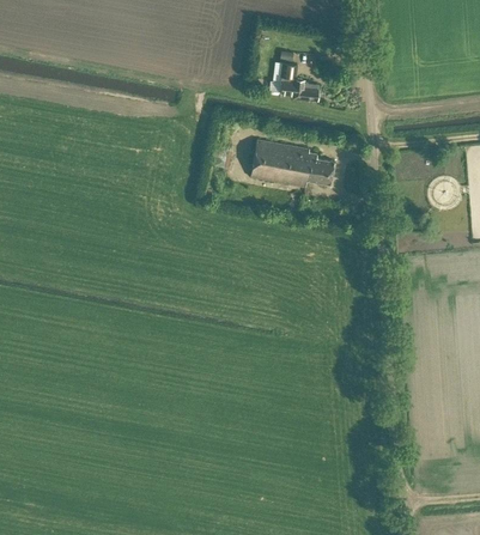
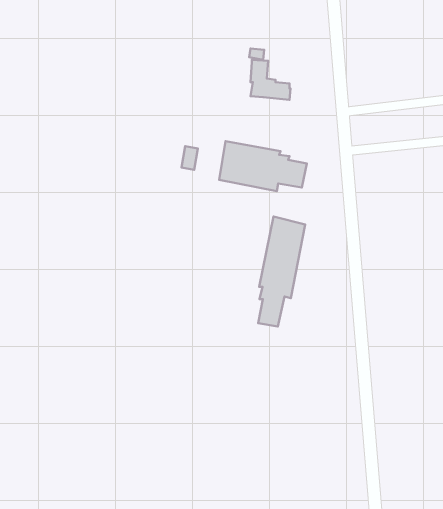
building: none -> [258,217,305,327]

